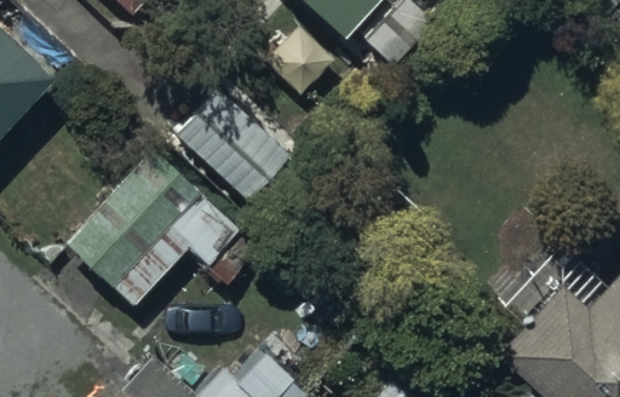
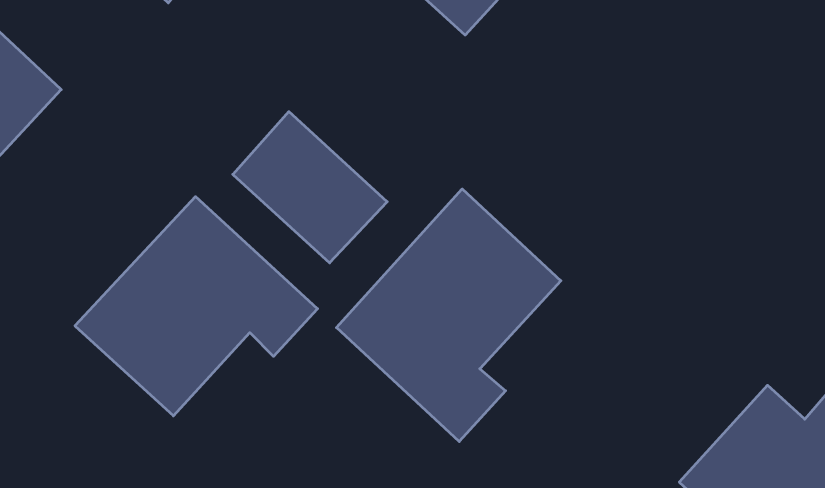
building: none -> [336,189,561,442]

